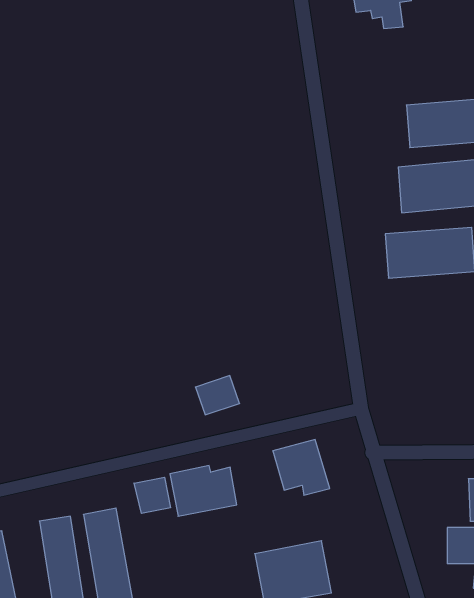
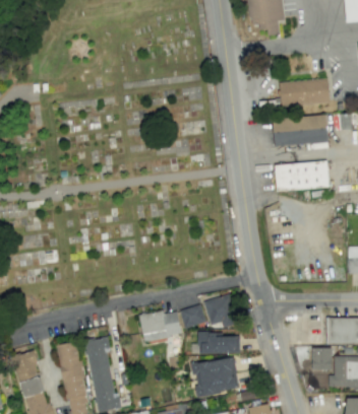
building: [195,376,240,415] -> [179,303,206,328]
building: [134,477,170,513] -> none
building: none -> [198,333,240,353]

